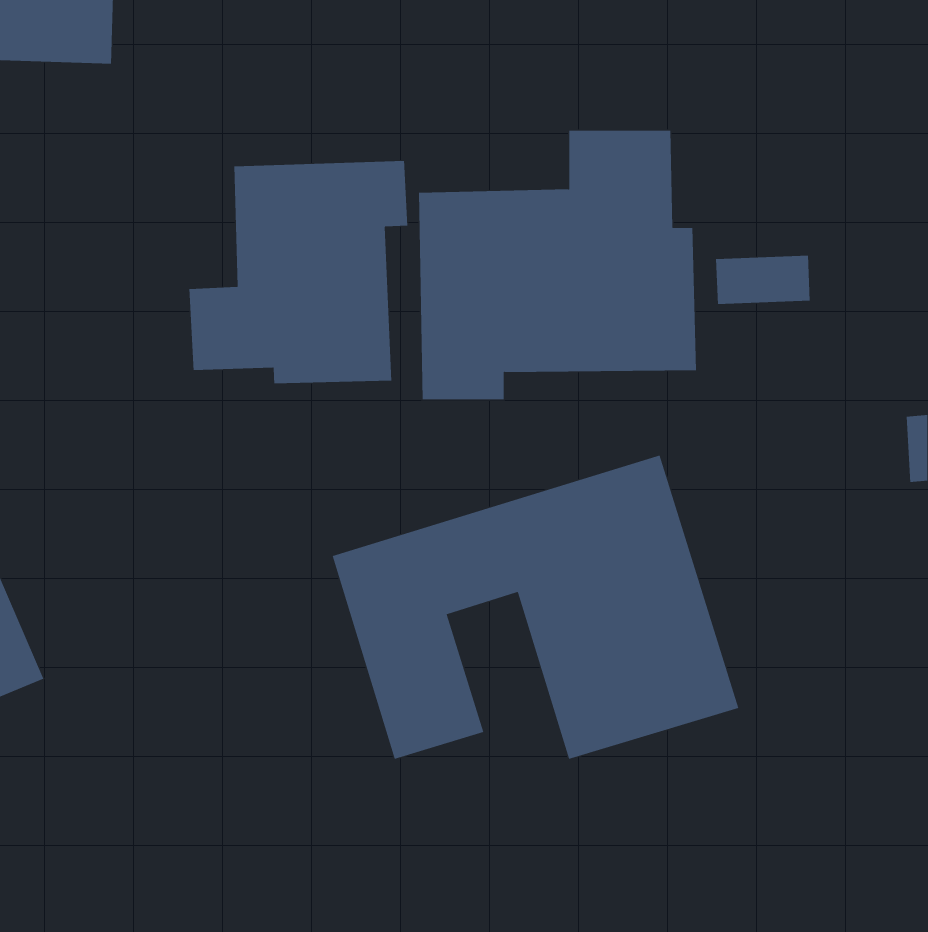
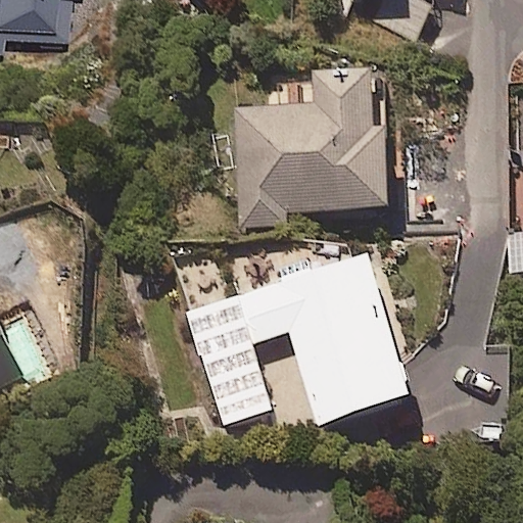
building: [189,160,408,384] -> none

